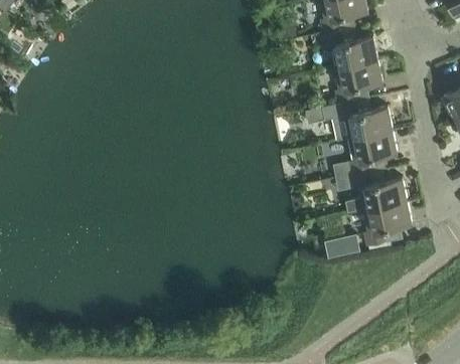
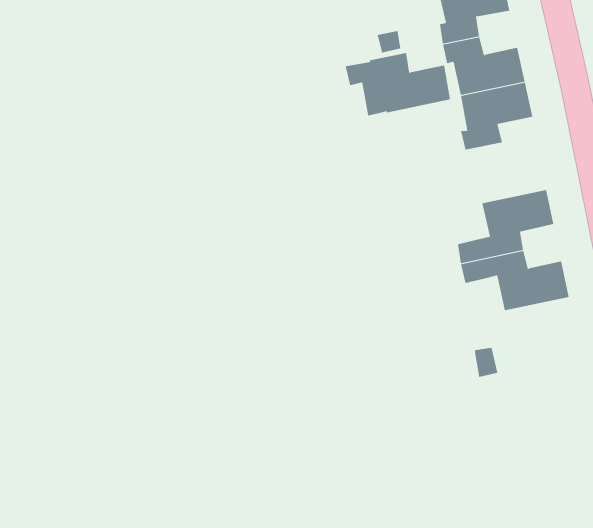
building: [322,98,393,140] -> [345,53,451,116]
building: [364,200,412,245] -> none

